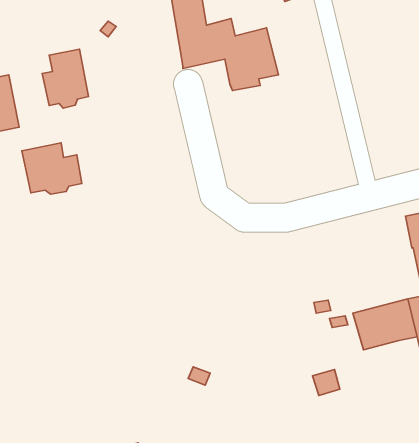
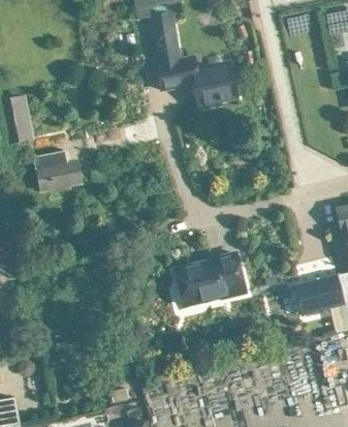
building: [42,49,89,108] -> none
building: none -> [175,253,246,305]

